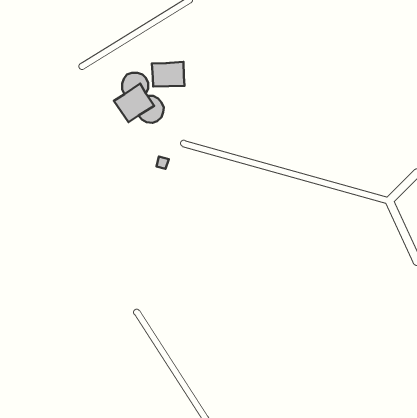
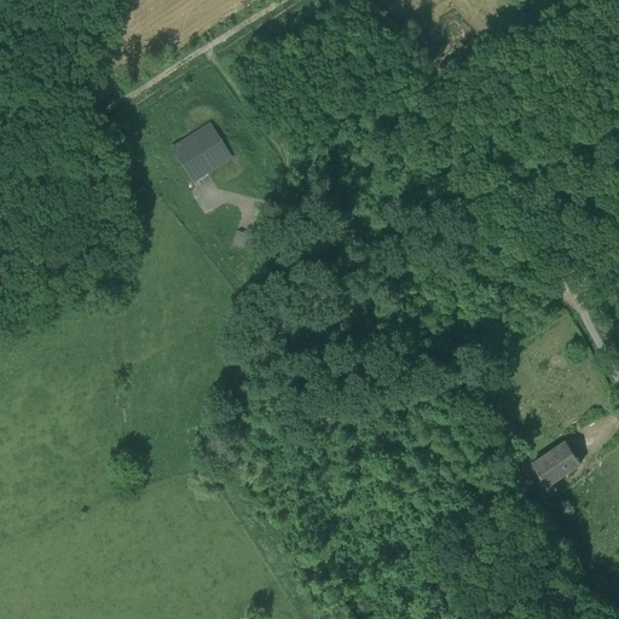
building: [152,62,185,86] -> none
building: none -> [531,442,578,486]

